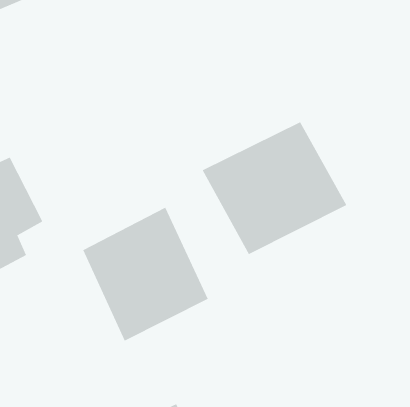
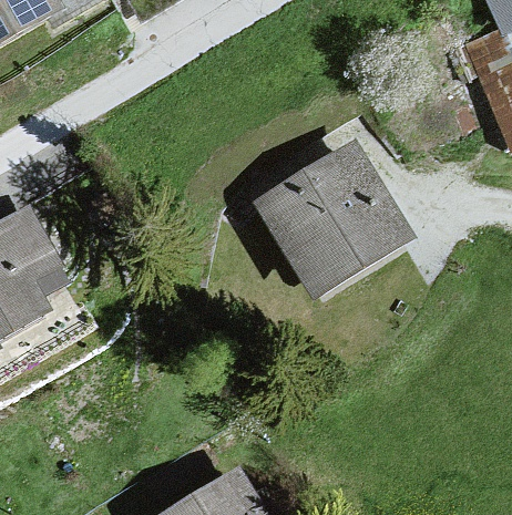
building: [82,207,208,342] -> none

